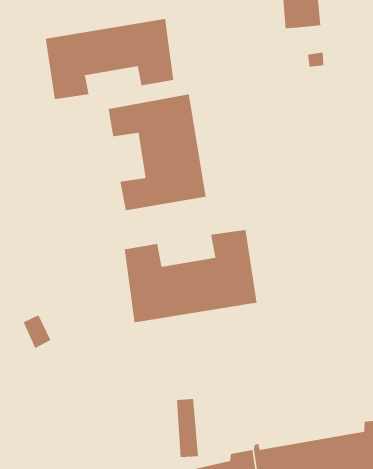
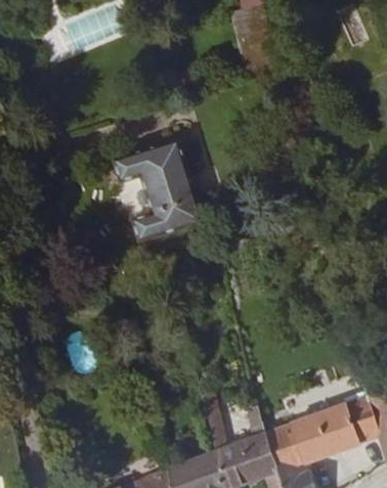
building: [45,18,174,100] -> none
building: [124,229,257,323] -> none

